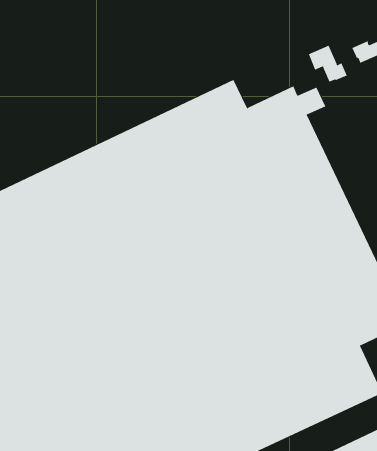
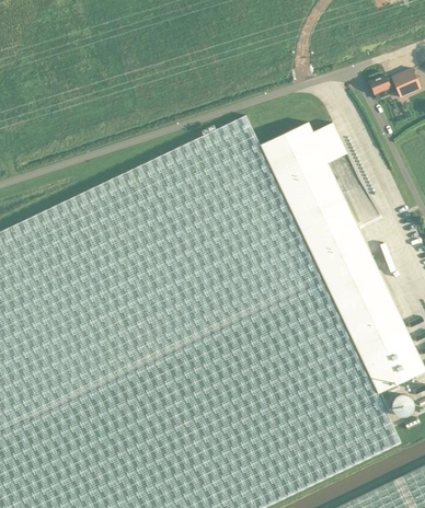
building: [308,45,347,83] -> none

